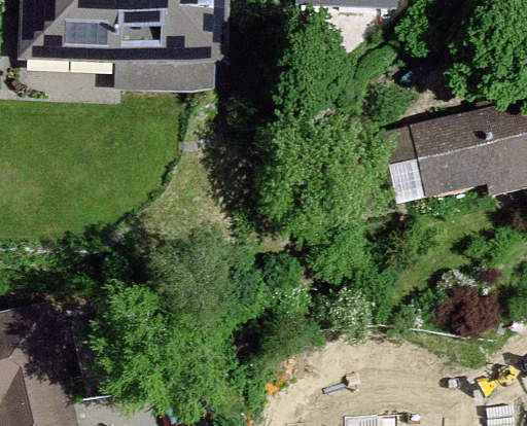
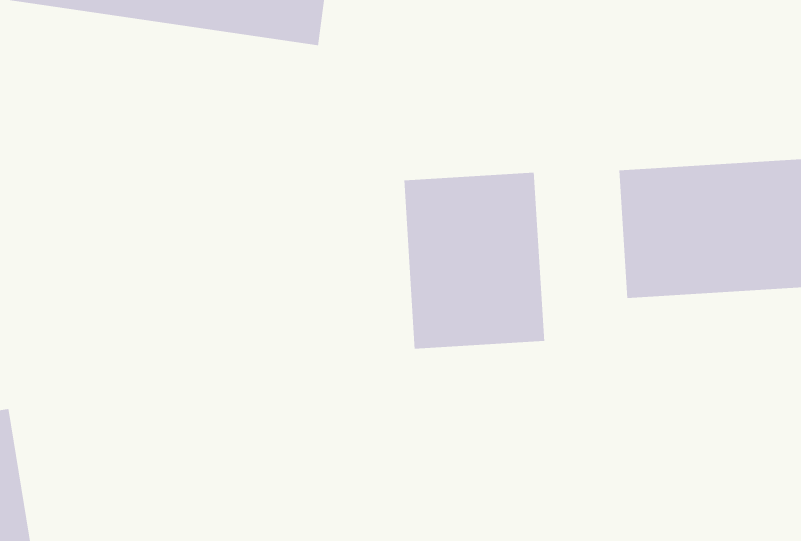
building: none -> [404,172,545,350]

